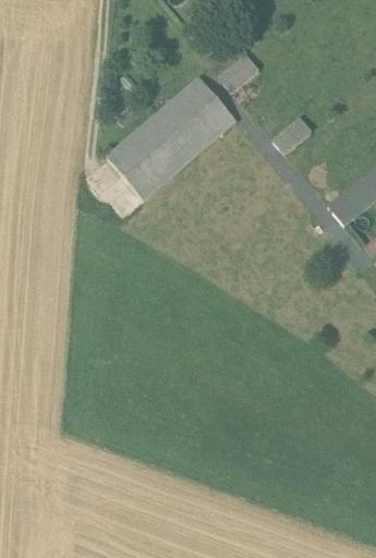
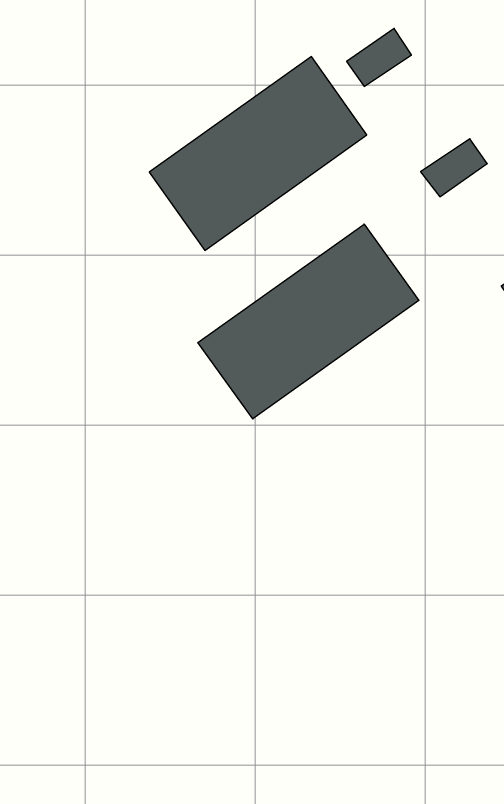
building: none -> [198,224,419,419]

